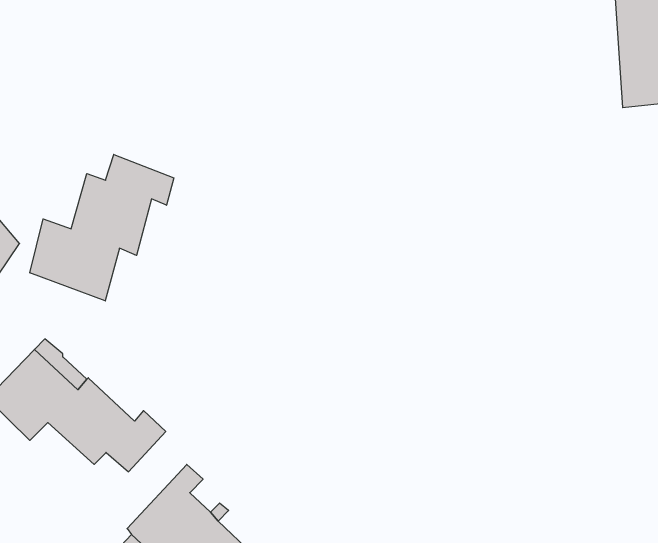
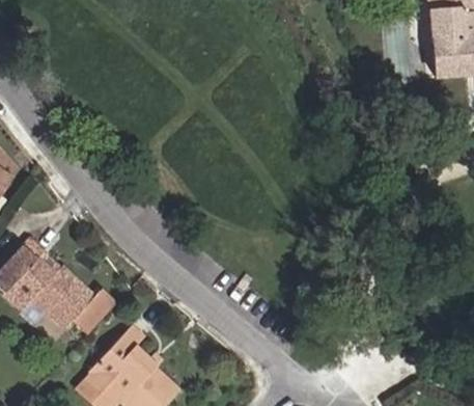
building: [30,154,174,301] -> none

